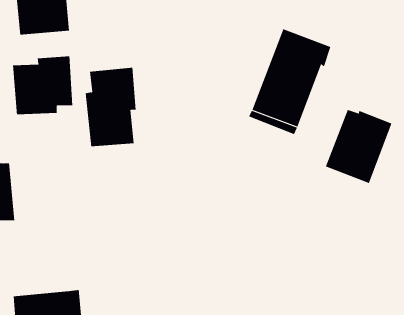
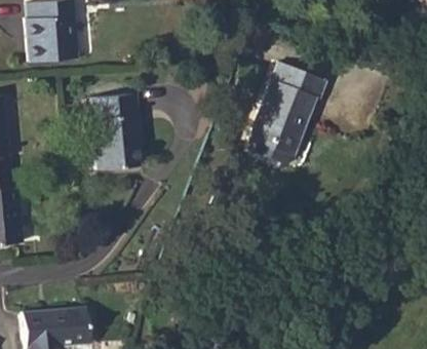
building: [13,55,73,115] -> none
building: [325,109,392,184] -> none

